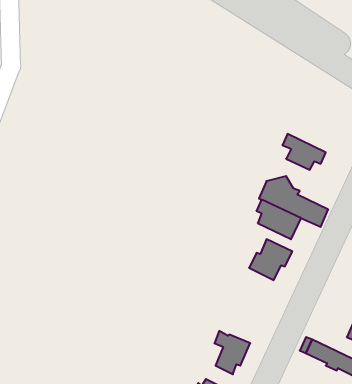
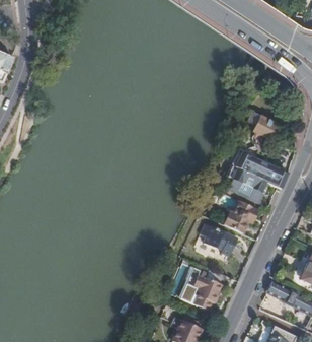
building: none -> [198,222,236,255]

